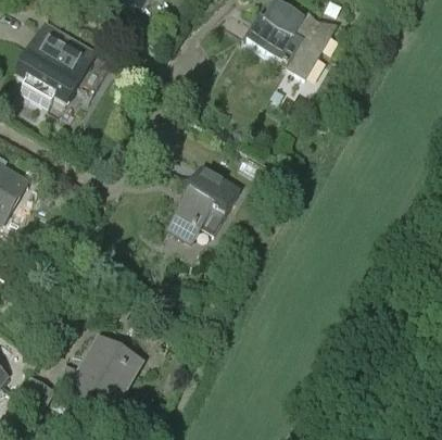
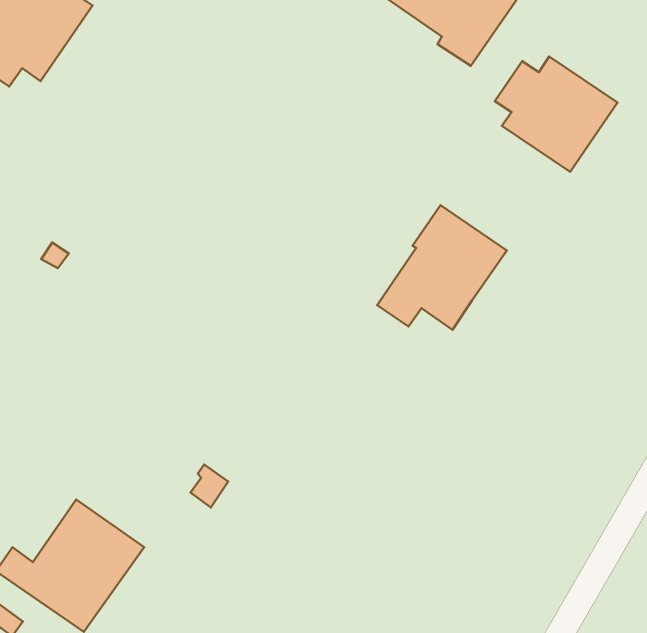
building: none -> [495,56,617,172]
building: [171,164,241,234] -> [377,205,507,330]

